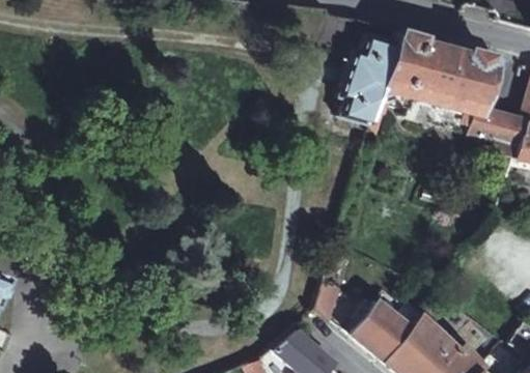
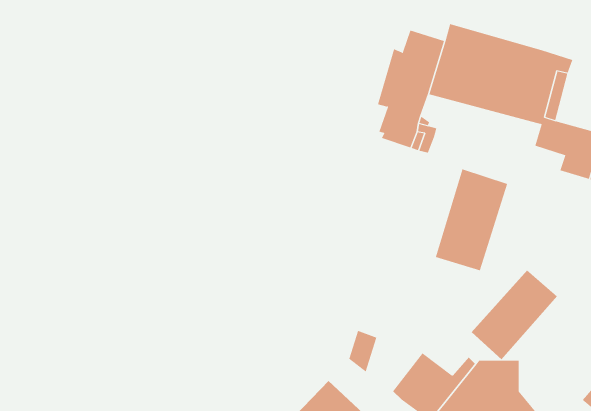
building: none -> [435,169,508,271]
building: none -> [471,269,558,360]

